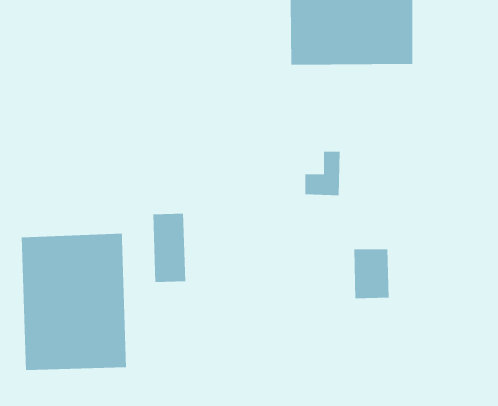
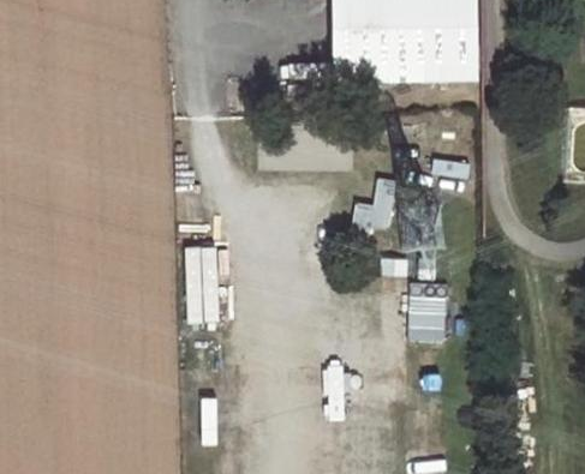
building: [21,233,127,371] -> none

